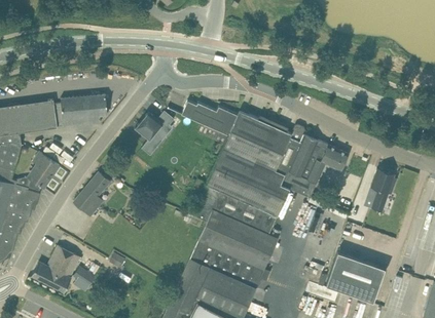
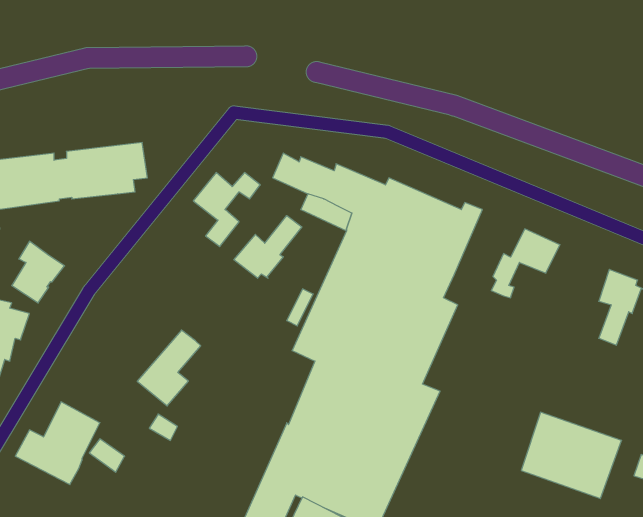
building: [281,134,328,199] -> none
building: none -> [234,216,302,278]
building: [73,173,110,217] -> [137,330,201,406]

